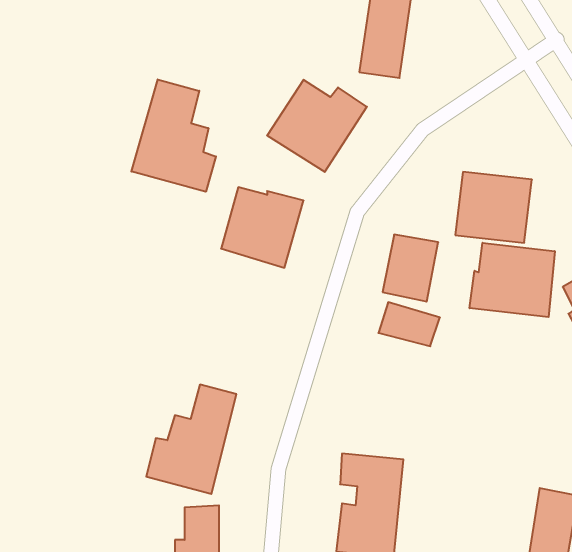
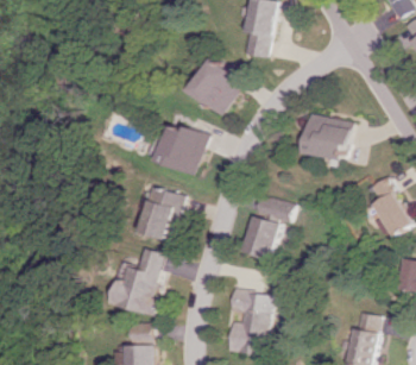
building: [131,79,216,192] -> none
building: [383,235,438,302] -> [244,216,278,258]
building: [470,243,555,317] -> none
building: none -> [141,187,183,240]

